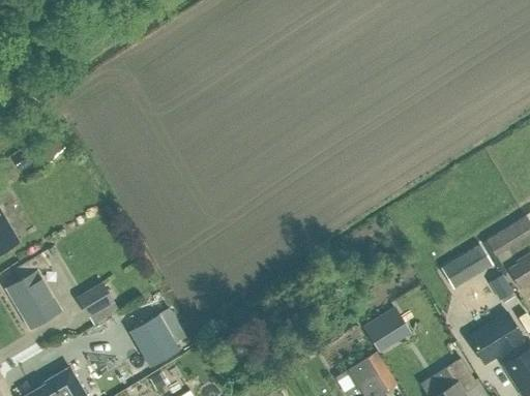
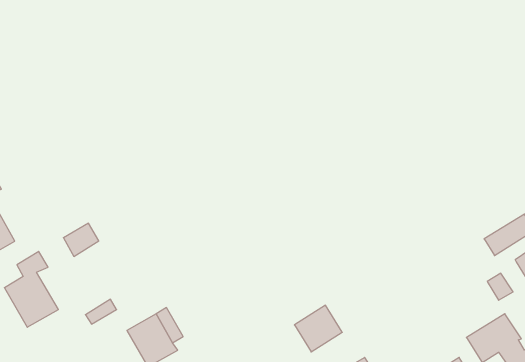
building: [441,242,493,287] -> none
building: [78,282,113,315] -> [63,223,99,256]
building: [363,306,411,353] -> [294,305,342,352]

